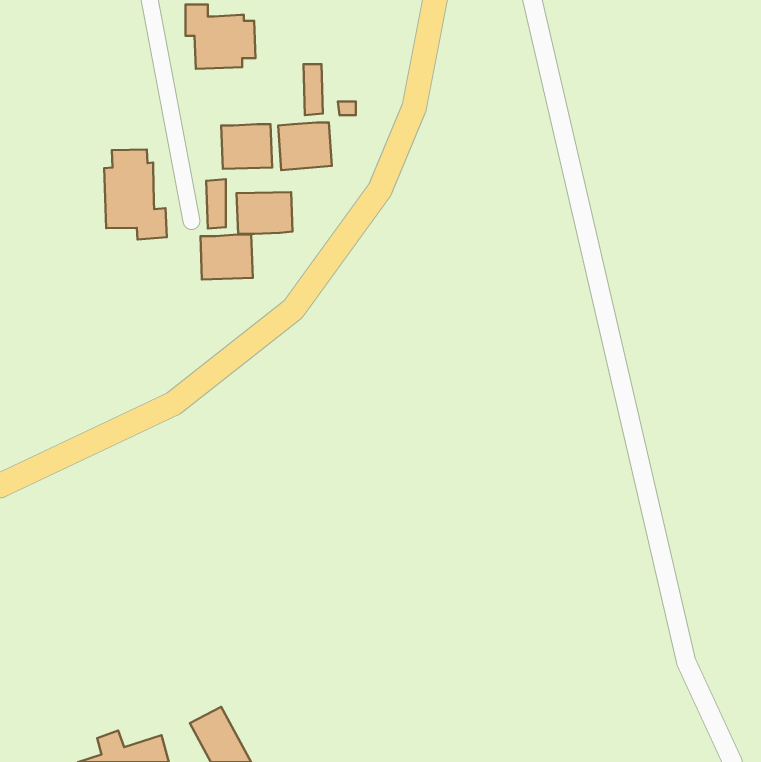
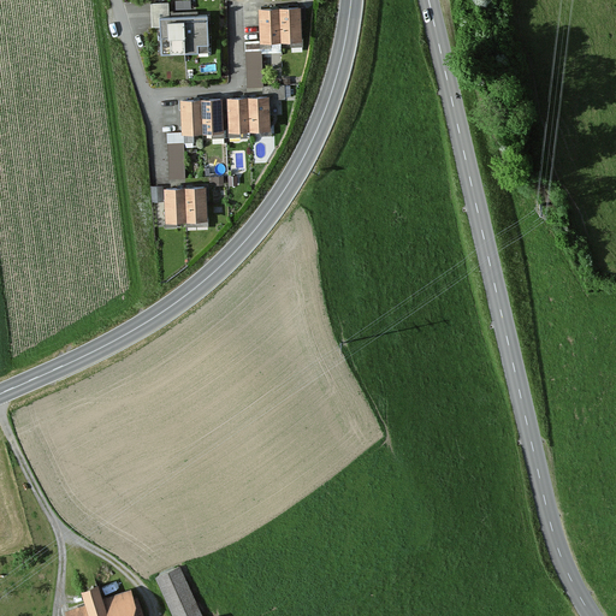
building: none -> [257,10,301,46]
building: [104,150,167,239] -> none
building: [237,192,293,234] -> none

